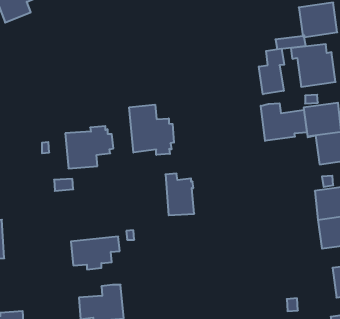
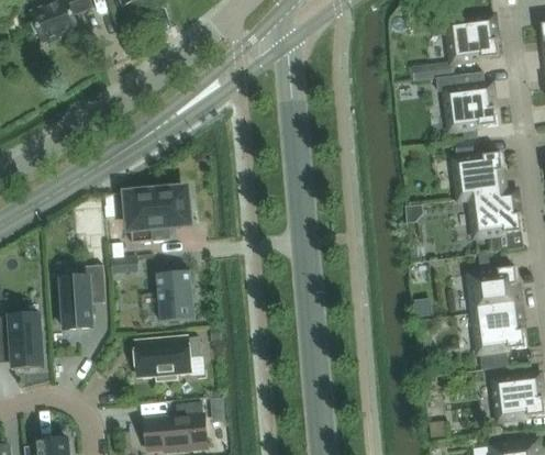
building: [259,49,284,94] -> none
building: [261,103,307,141] -> none
building: [129,105,174,155] -> none
building: [165,174,194,215] -> [155,264,194,321]
building: none -> [60,265,105,330]

